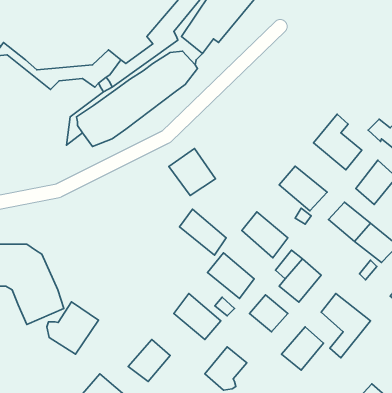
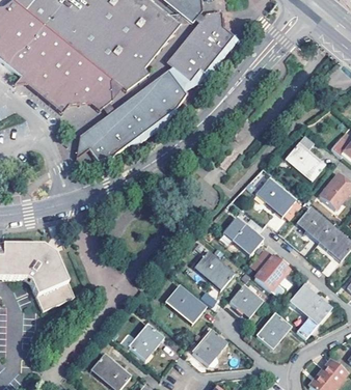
building: [169,149,216,195] -> none
building: [179,209,226,255] -> none
building: [47,302,98,354] -> none

